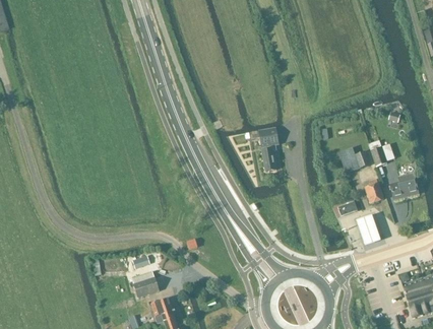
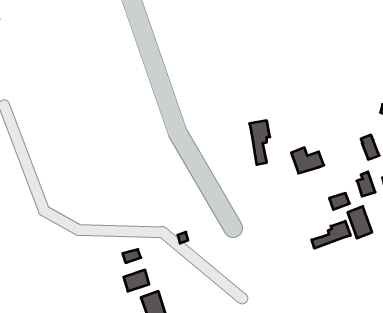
building: [338,146,371,172] -> [291,148,324,173]
building: none -> [312,221,350,248]

